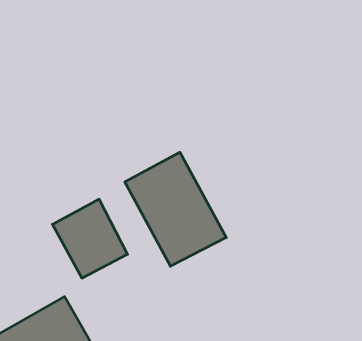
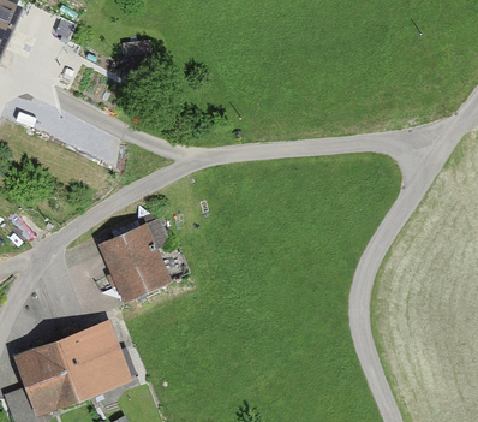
building: [125,152,226,266] -> none

